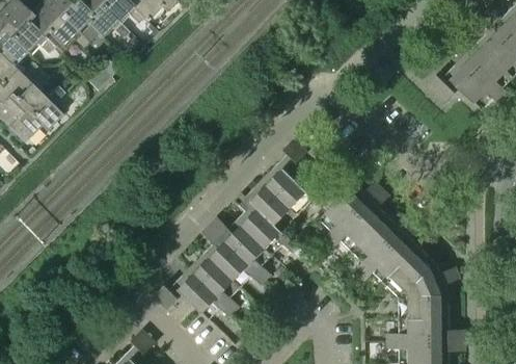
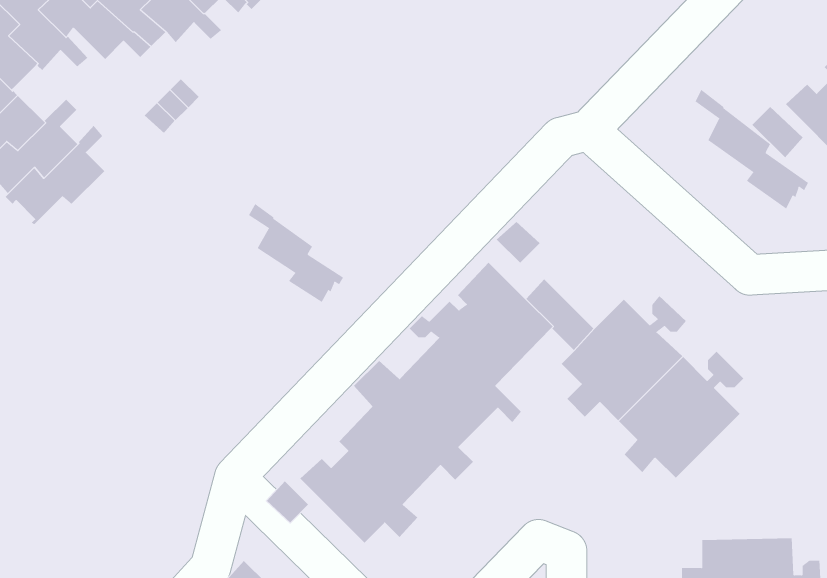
building: none -> [695,89,809,209]
building: none -> [248,203,344,303]
building: [383,248,460,318] -> none

